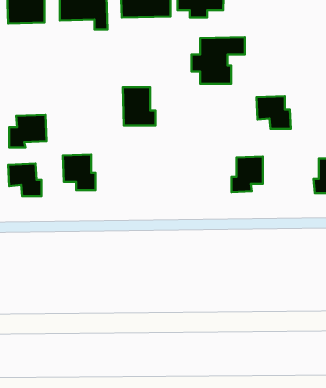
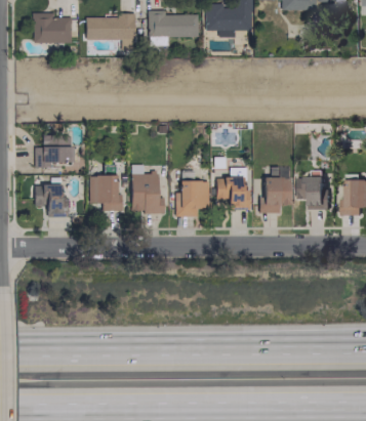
building: [191,37,245,84] -> none
building: [123,87,155,126] -> [131,173,164,212]
building: [256,96,291,129] -> [296,176,331,209]
building: none -> [216,176,250,208]
building: none -> [176,180,209,216]

